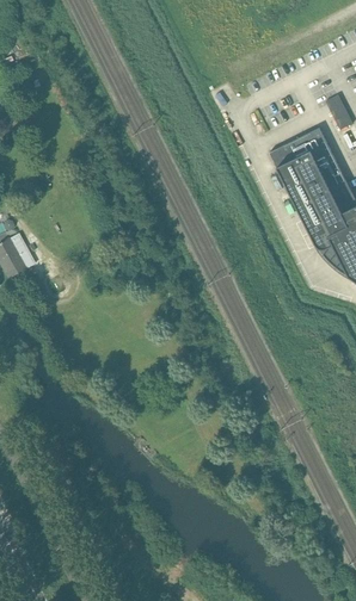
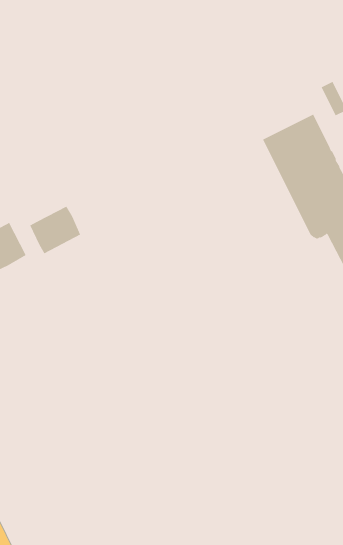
building: none -> [30,206,81,254]

